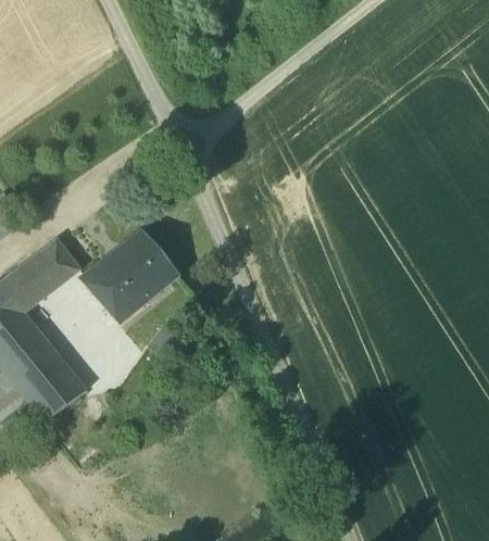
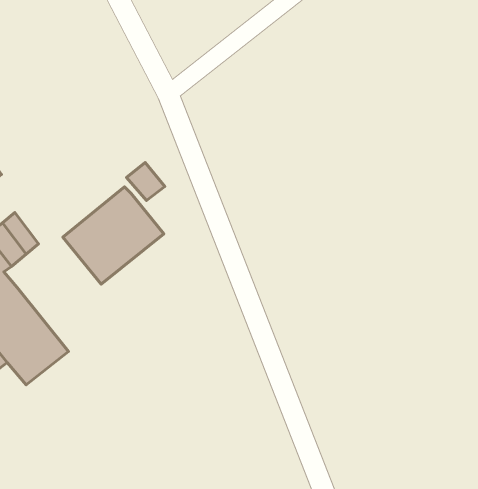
building: none -> [127,162,165,200]
building: [35,237,80,284] -> none

